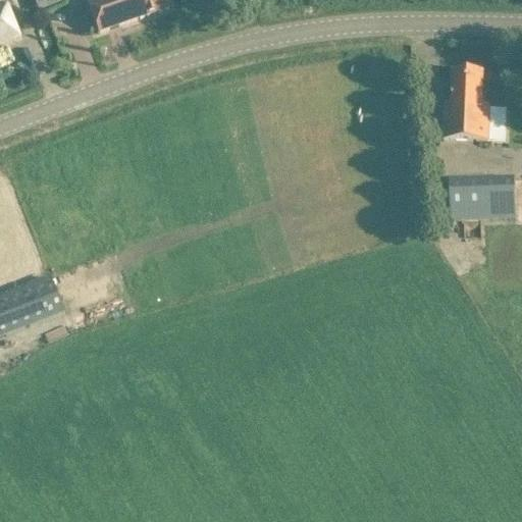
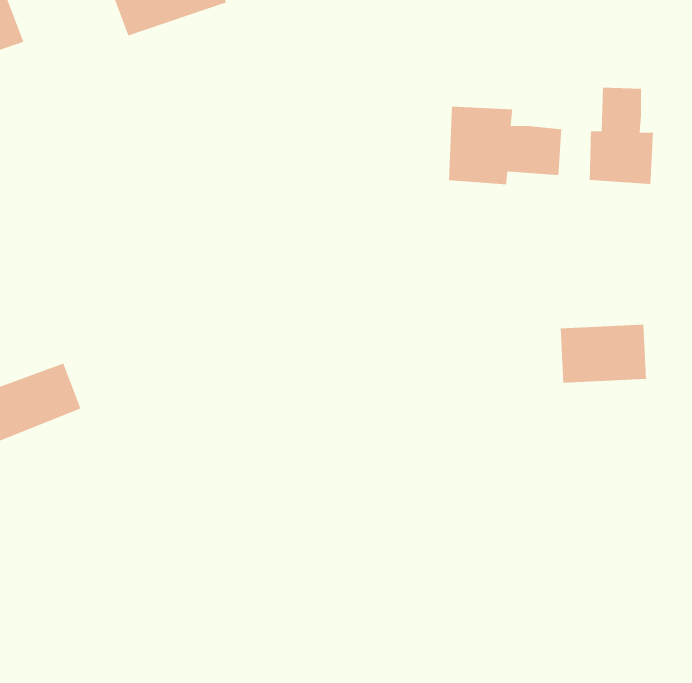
building: none -> [448,106,562,185]
building: [449,171,514,216] -> [560,324,647,384]

